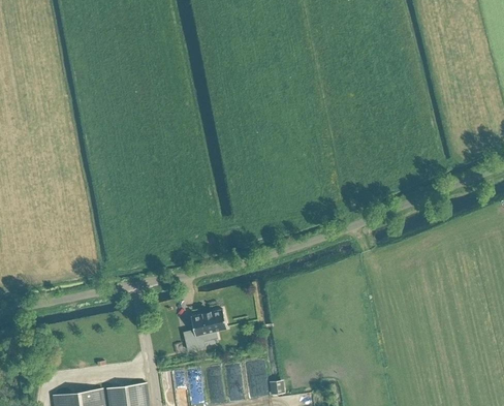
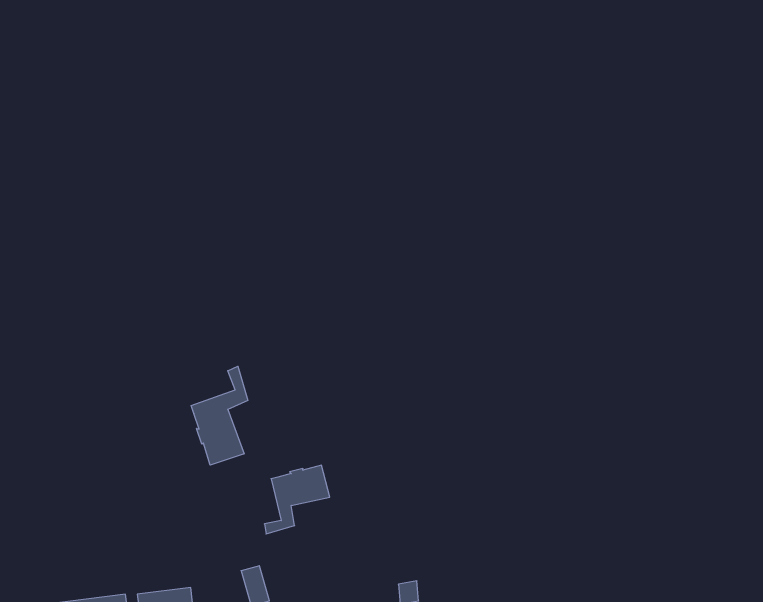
building: none -> [191,366,248,465]

